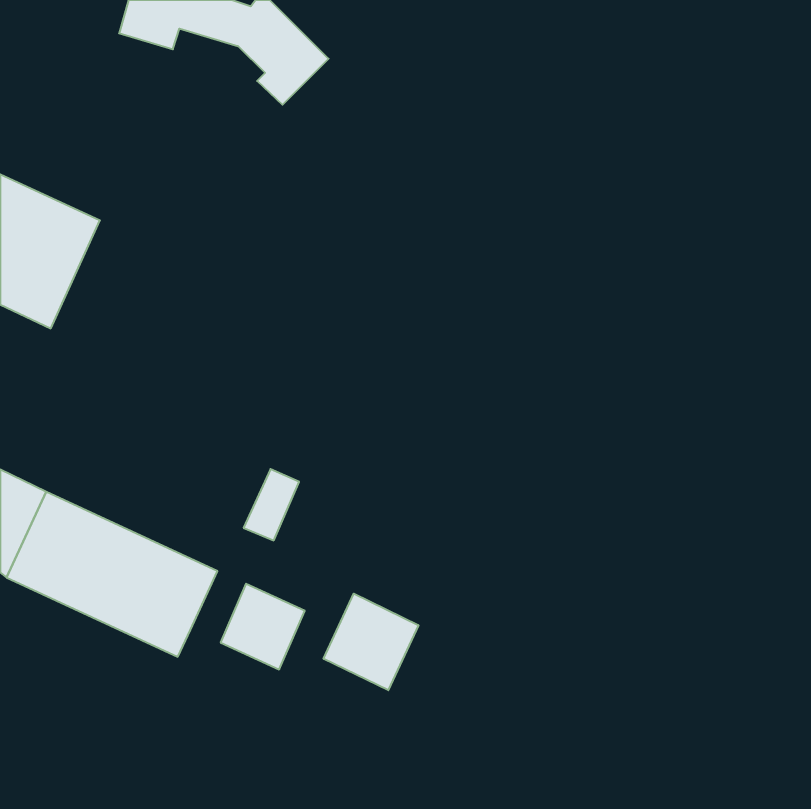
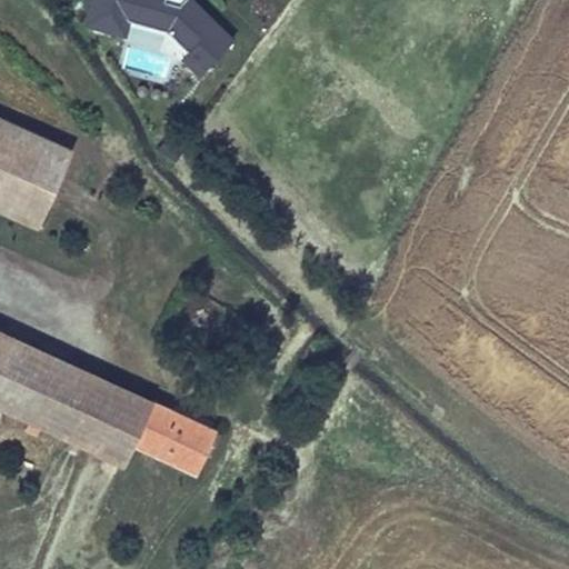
building: [244,469,299,540] -> [133,401,172,451]
building: [324,594,418,690] -> none

